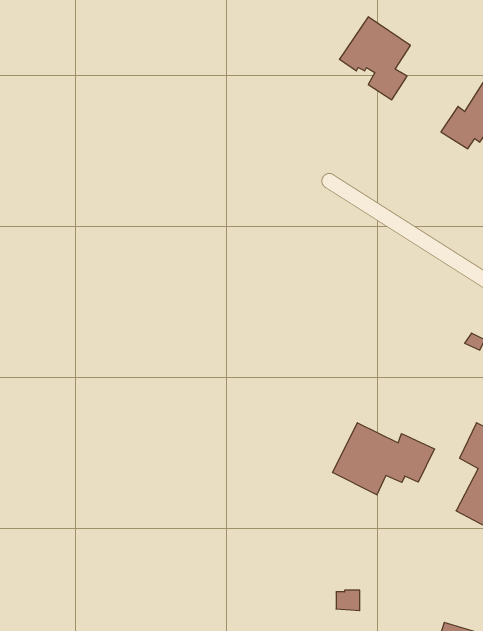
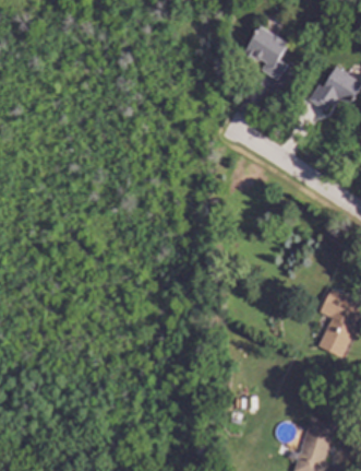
building: [333,423,435,495] -> none

